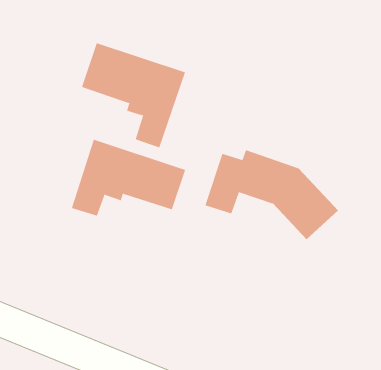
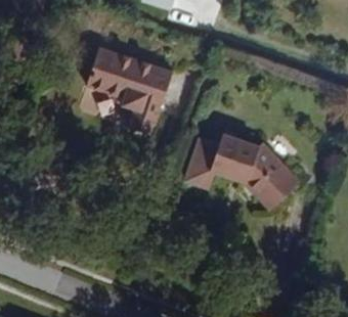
building: [71,139,186,217] -> none

